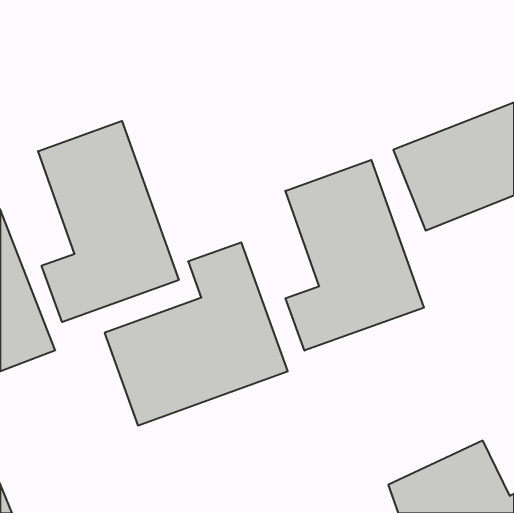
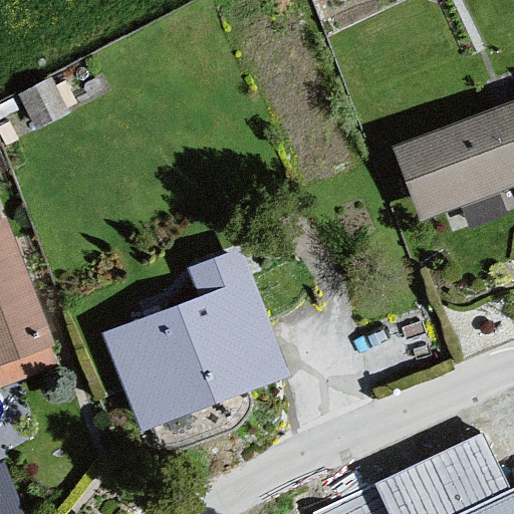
building: [38,121,179,322] -> none
building: [285,160,424,351] -> none

